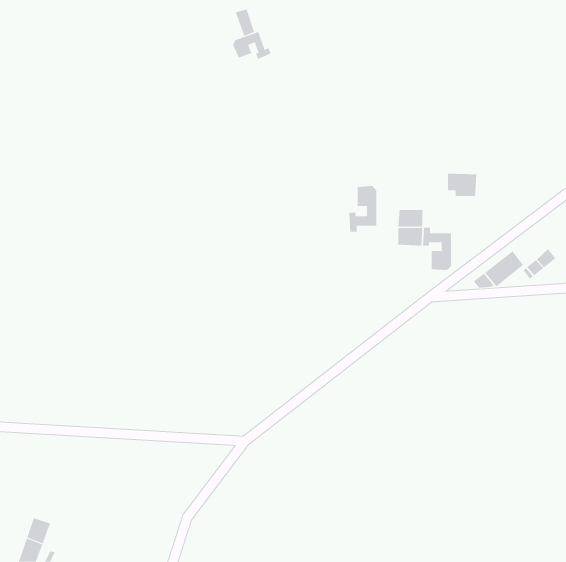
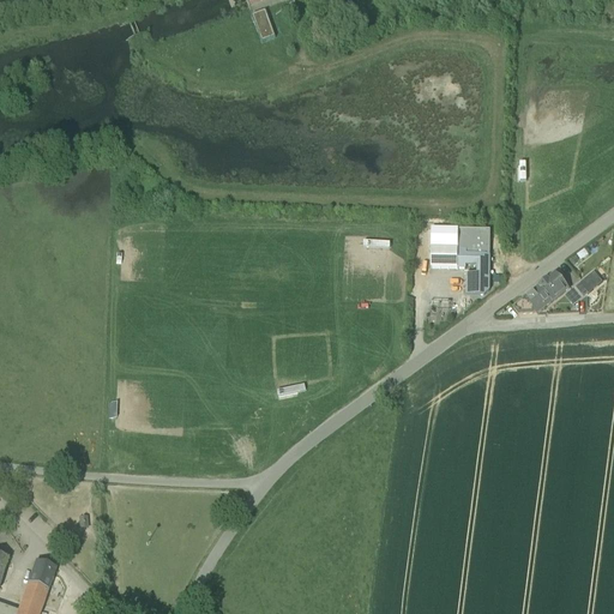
building: [232,31,271,60] -> none
building: [447,173,477,196] -> [458,227,490,252]
building: [349,185,377,232] -> none

